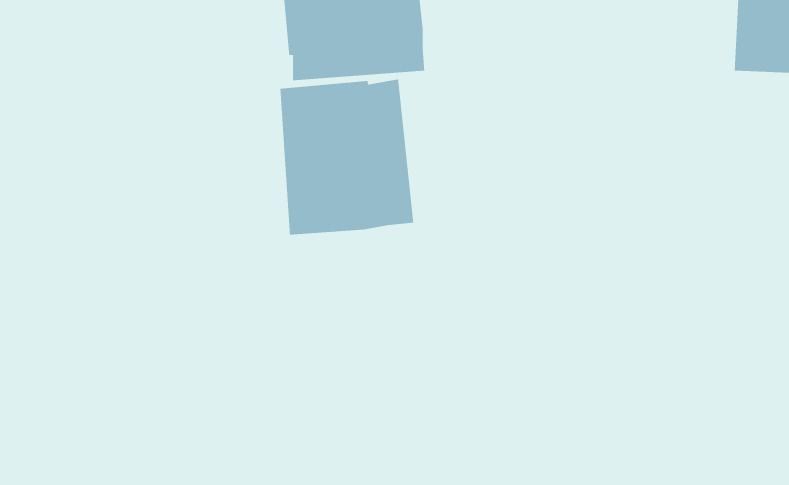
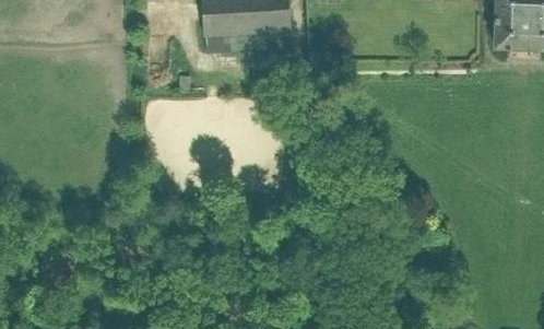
building: [279,78,414,236] -> none

